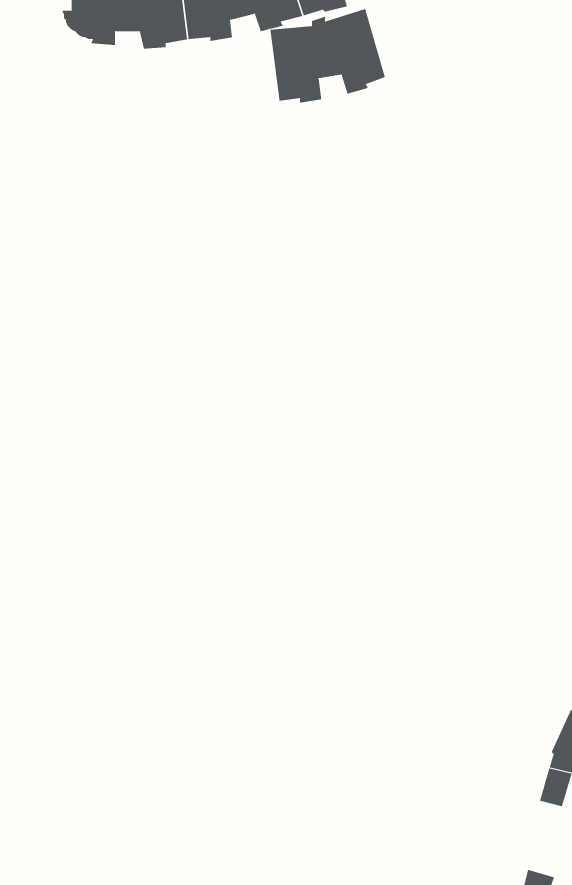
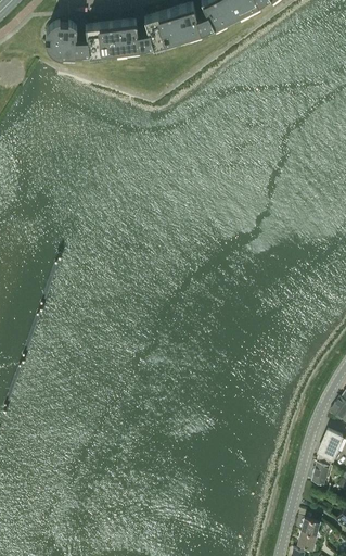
building: [270,8,385,104] -> none

